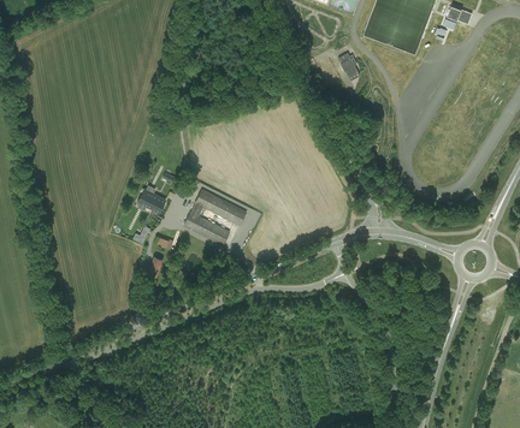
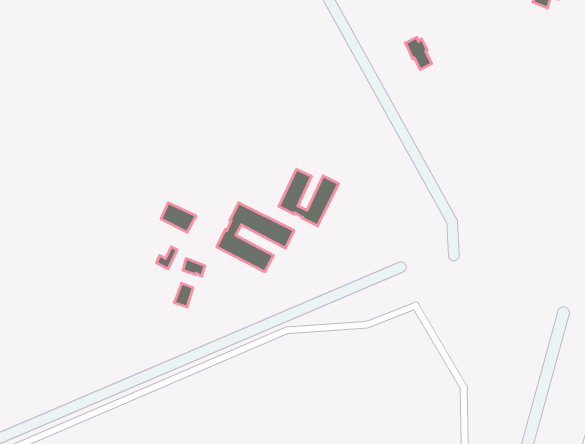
building: none -> [279,169,339,226]

